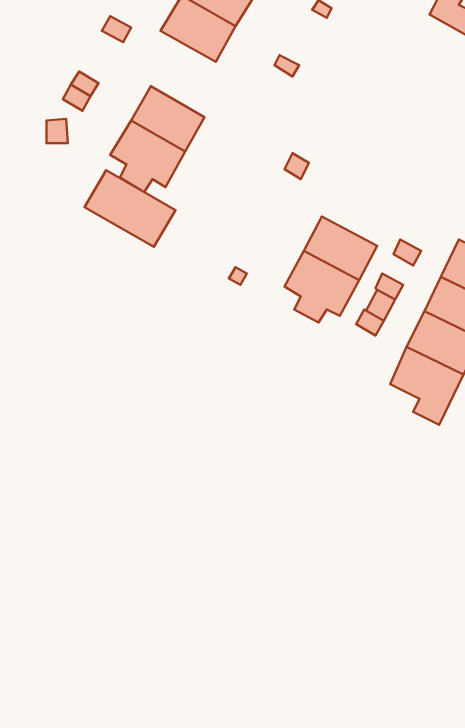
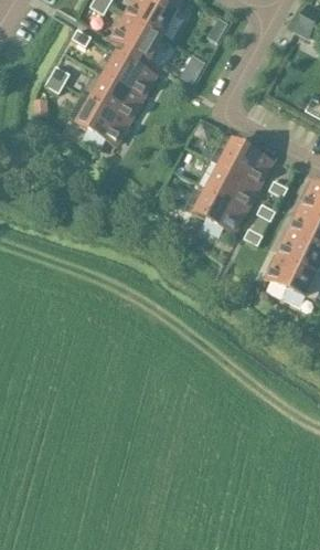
building: none -> [105,51,156,96]
building: [85,170,175,247] -> none
building: none -> [221,139,271,183]

